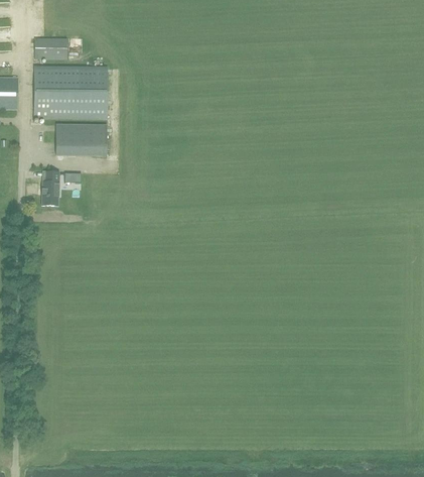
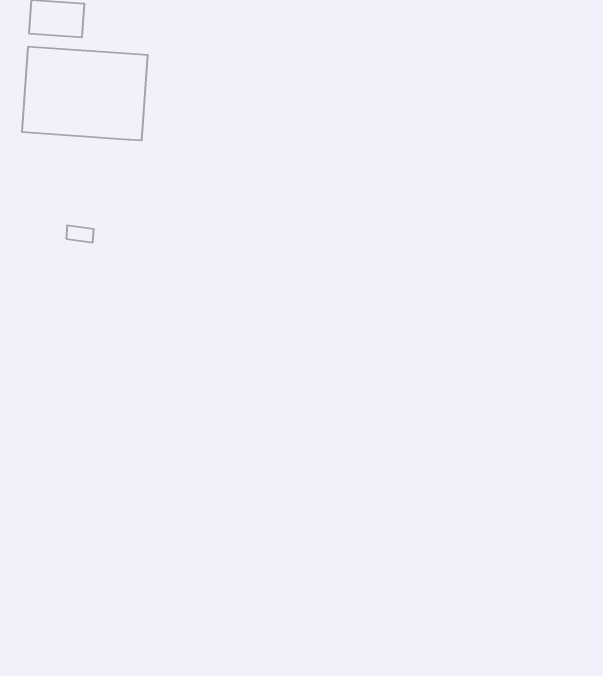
building: [55,124,106,154] -> none
building: [41,170,58,205] -> none

